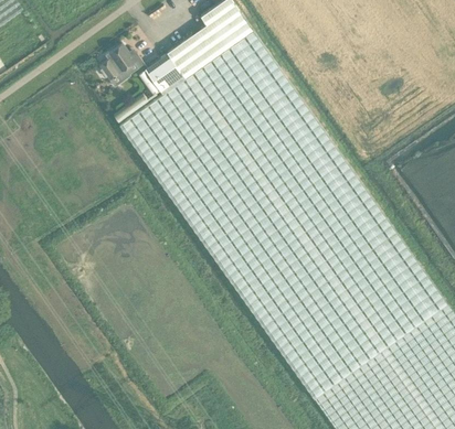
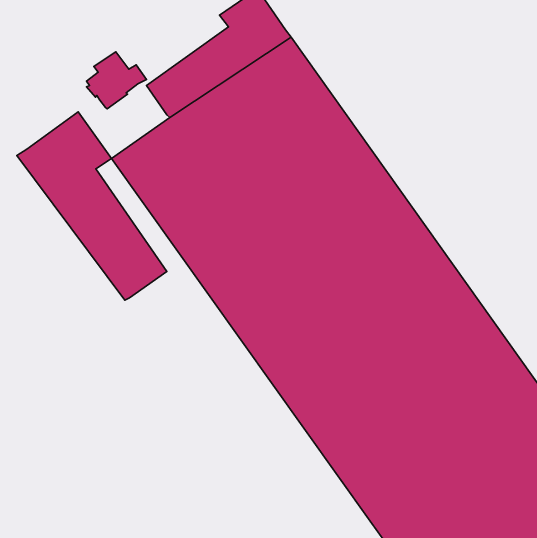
building: none -> [17,112,167,300]

